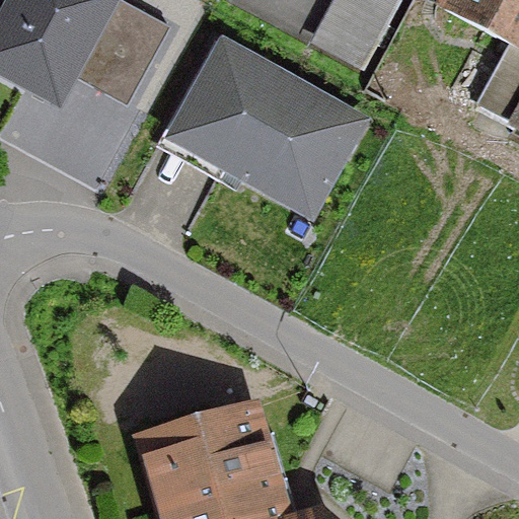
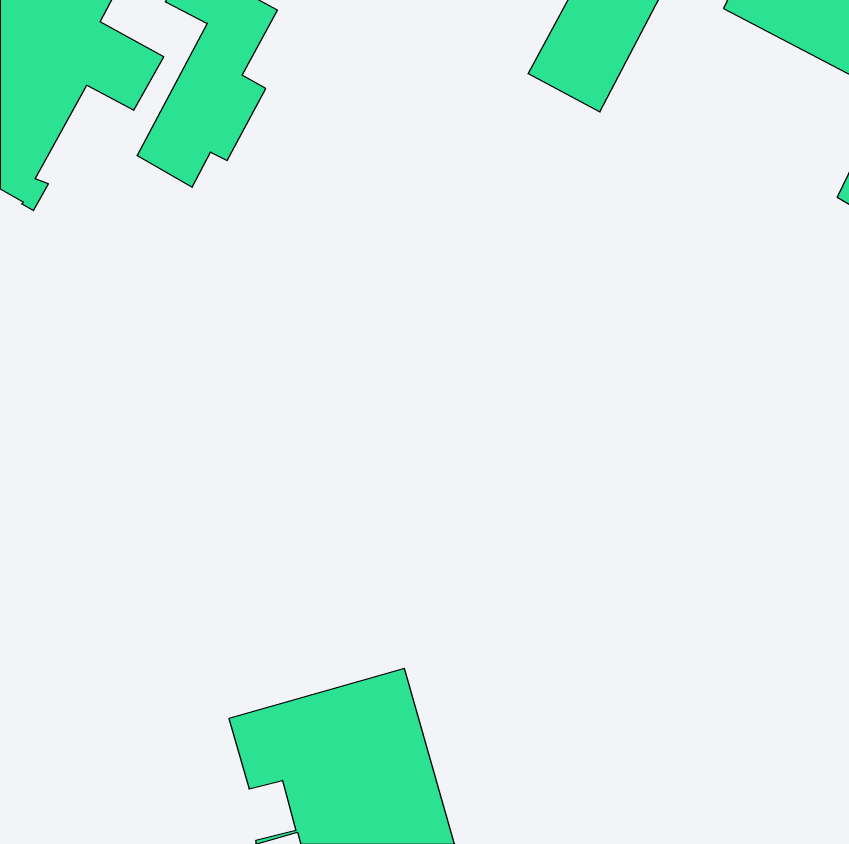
building: [179,36,360,210] -> none

